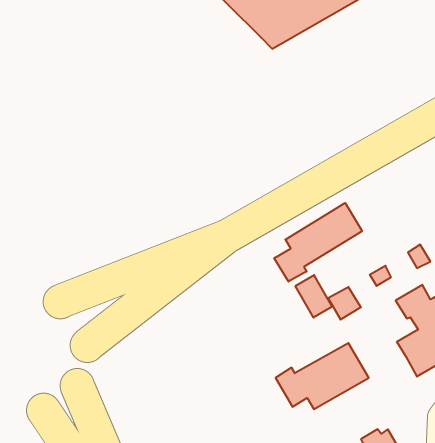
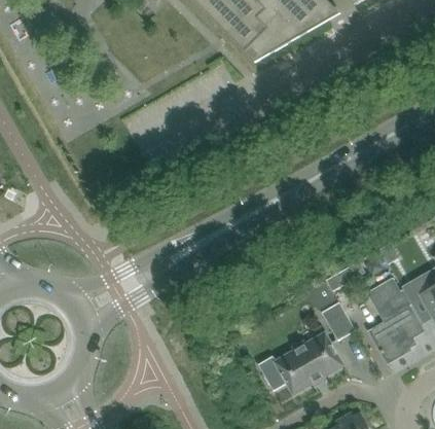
building: [274,203,362,282] -> none
building: [295,275,332,318] -> [322,301,356,341]

